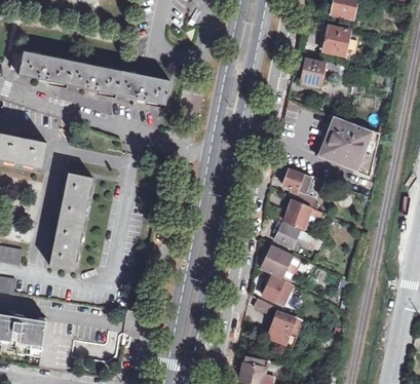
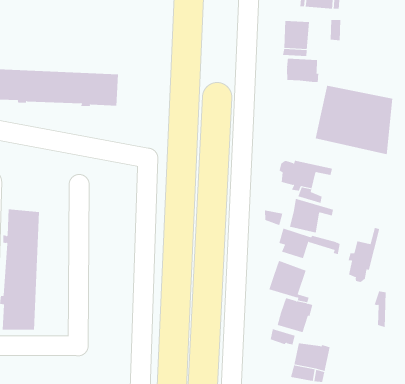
building: none -> [287,58,319,83]
building: none -> [348,227,380,283]

